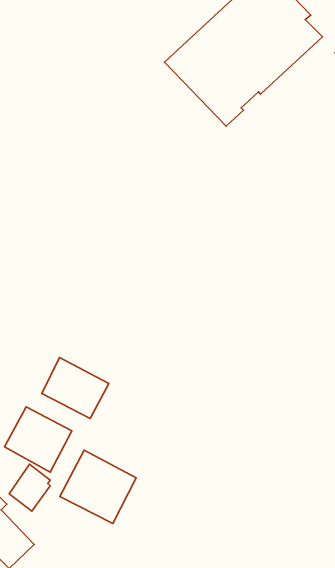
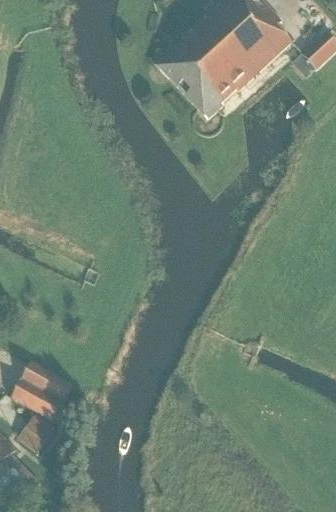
building: [42,357,109,419] -> none
building: [60,450,136,523] -> none

